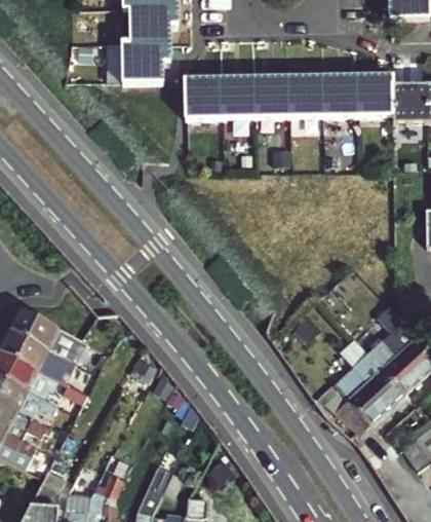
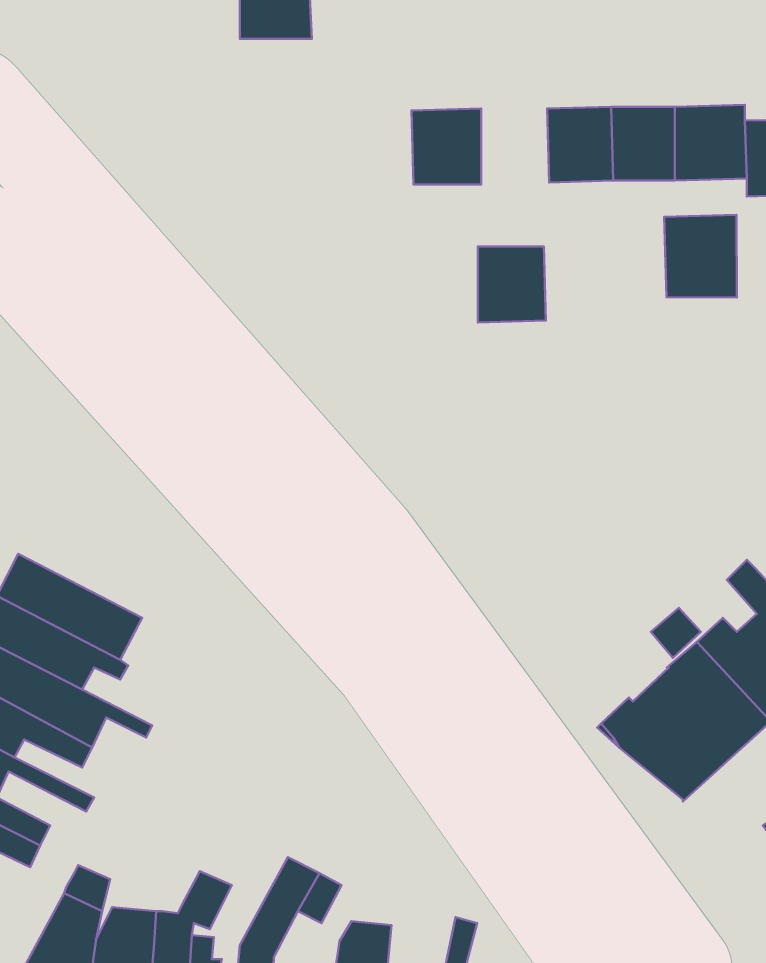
building: [123,42,169,80] -> none
building: [257,78,291,117] -> [478,247,546,323]
building: [187,79,222,118] -> none
building: none -> [664,215,737,298]

